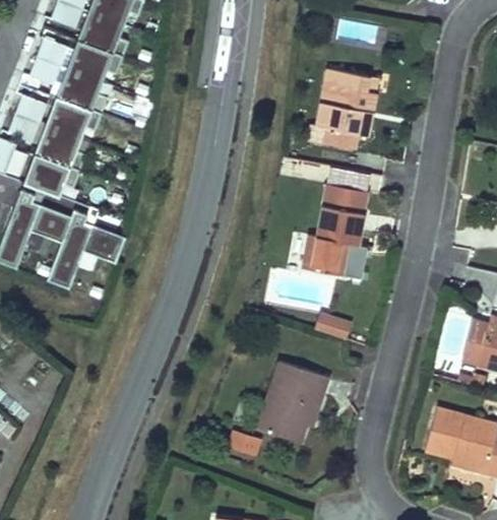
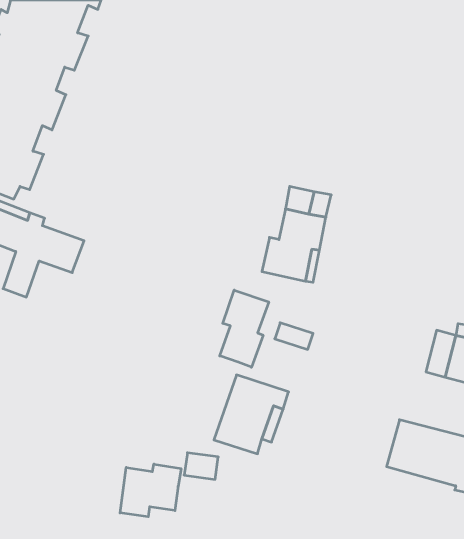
building: [315,68,378,151] -> none
building: none -> [220,290,269,367]
building: none -> [120,464,181,517]

